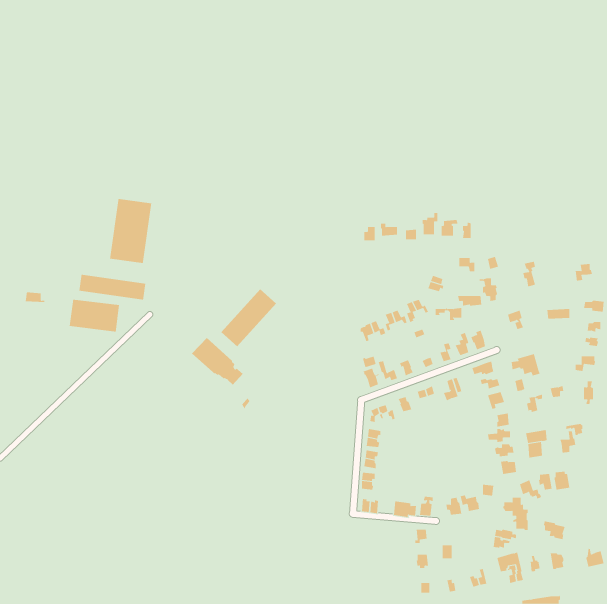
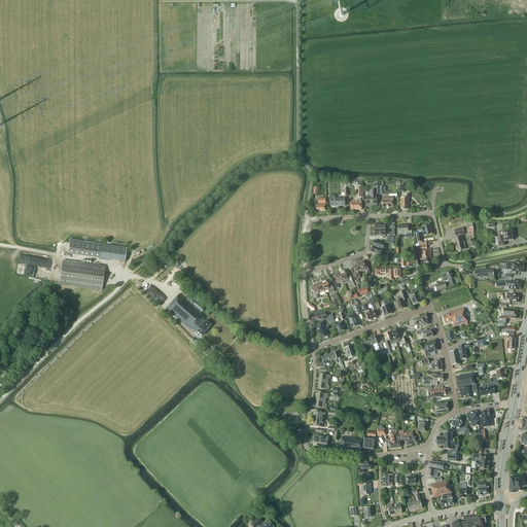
building: [109,198,152,264] -> none
building: [220,289,277,347] -> none

